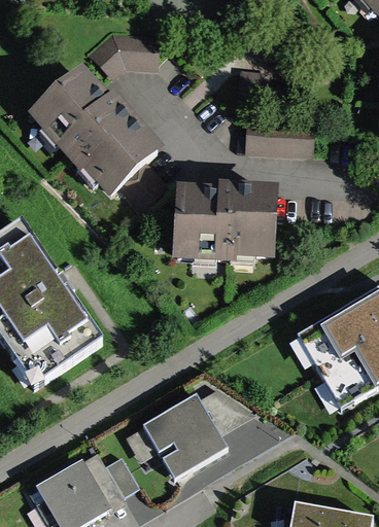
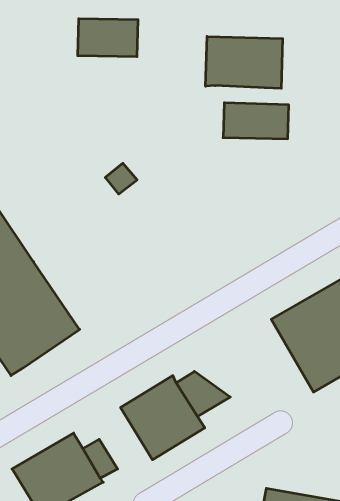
building: none -> [206,36,283,88]
building: [33,72,159,199] -> none
building: [173,184,278,260] -> none

